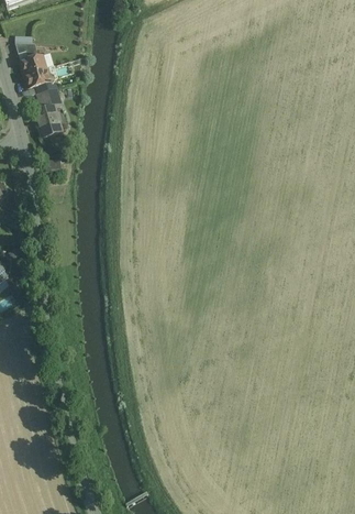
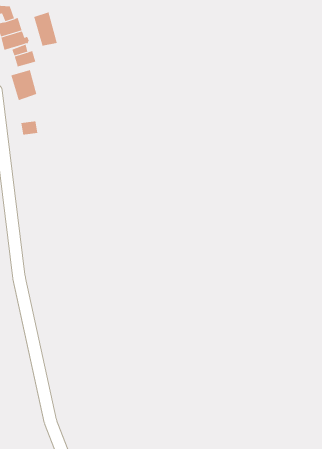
building: none -> [33,12,58,46]

